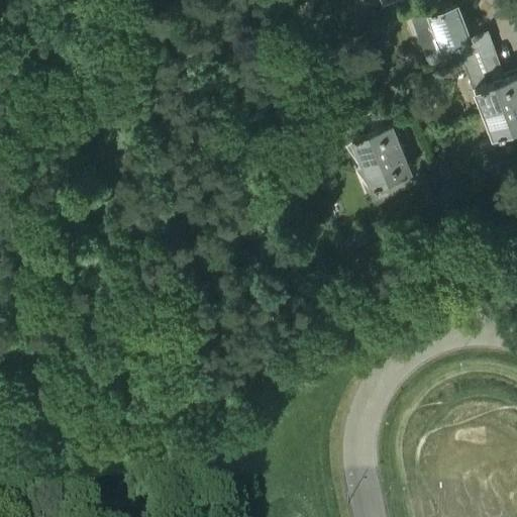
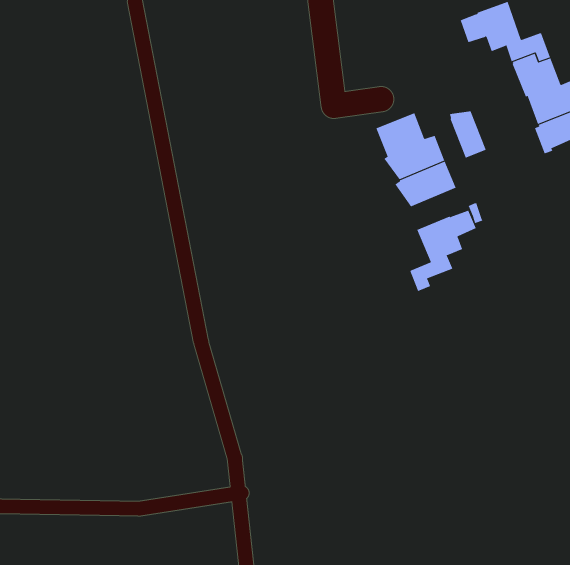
building: none -> [450,111,486,158]
building: none -> [409,210,476,292]

